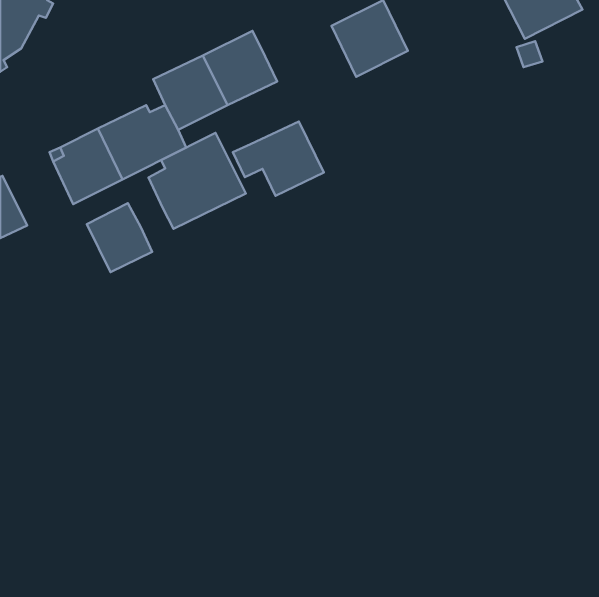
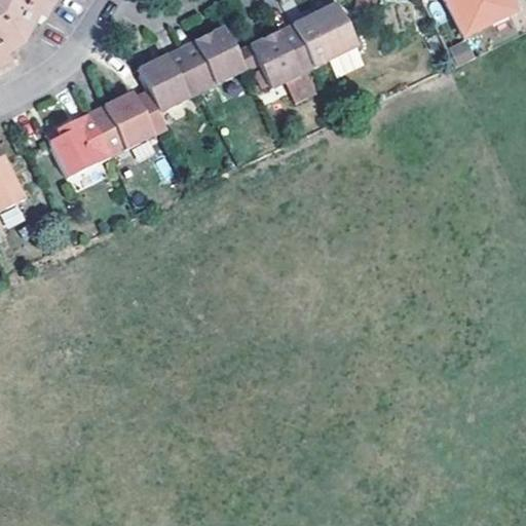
building: [233,122,324,196] -> [234,23,313,87]
building: [148,133,246,229] -> none
building: [87,203,152,272] -> none

